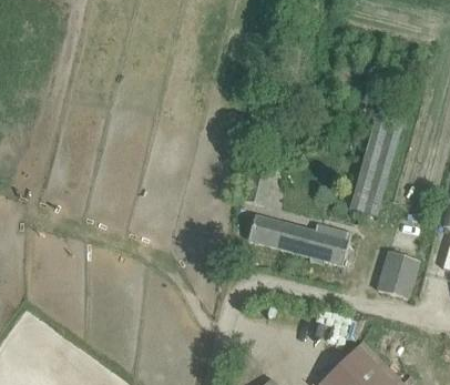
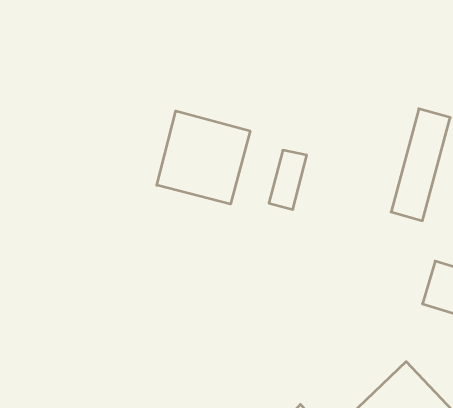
building: none -> [157,111,250,204]
building: [248,214,351,264] -> none

